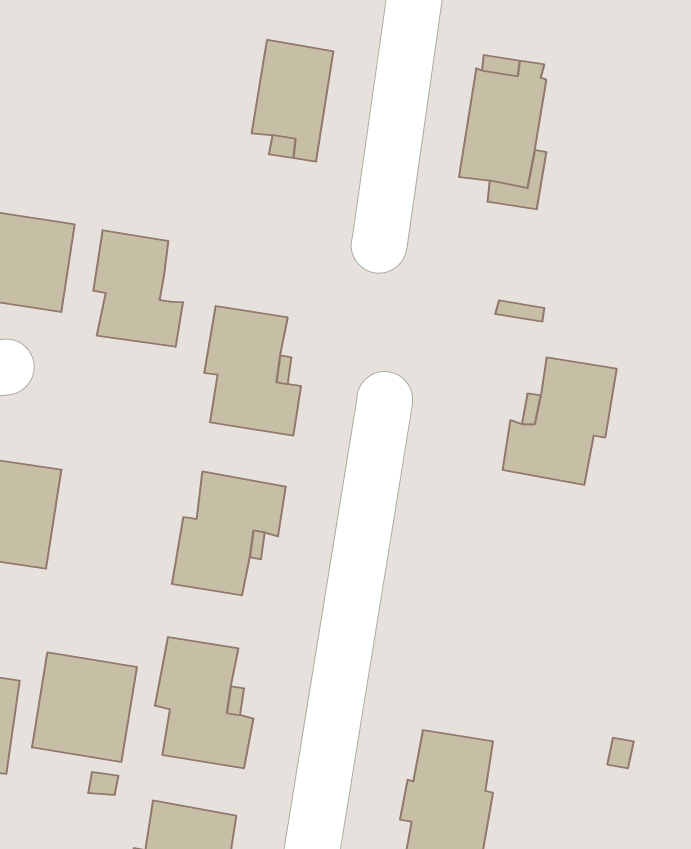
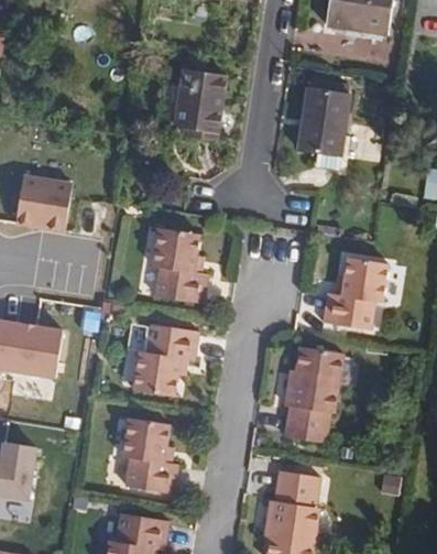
building: [93,230,183,347] -> none
building: none -> [280,349,338,445]
building: [32,652,137,762] -> none

